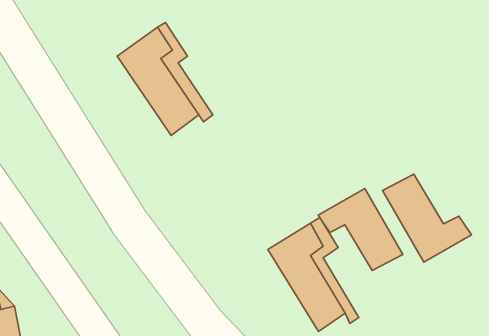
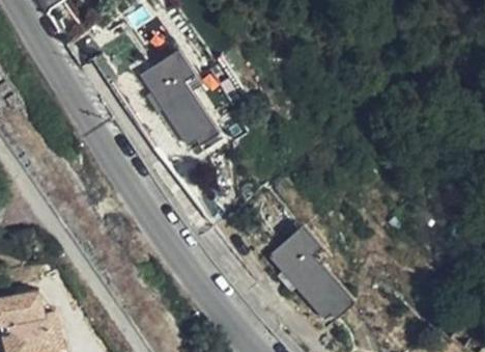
building: [383,174,471,262] -> none
building: [318,189,403,271] -> none

